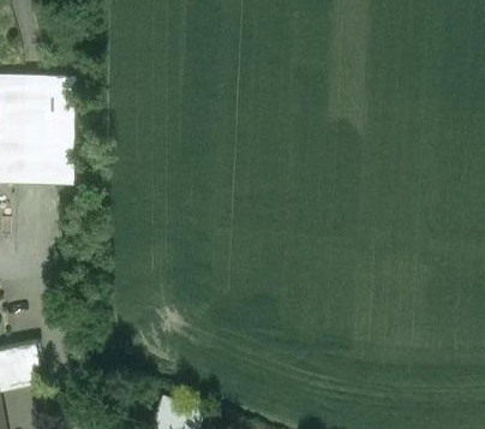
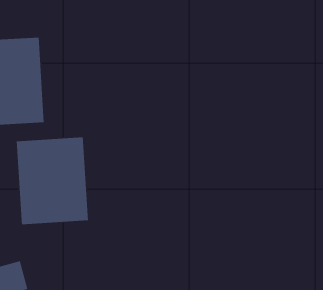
building: none -> [16,136,88,225]

